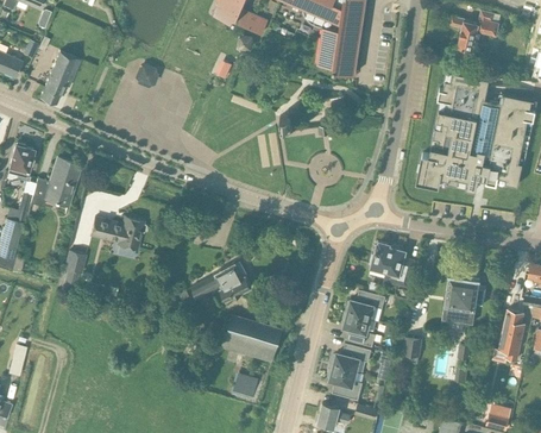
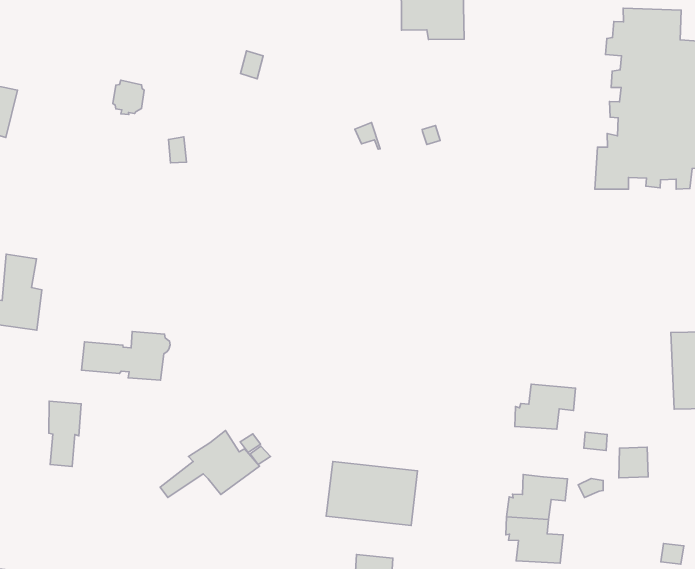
building: [370,243,414,285] -> none
building: [190,264,252,302] -> [160,430,259,498]
building: [341,314,376,349] -> none

